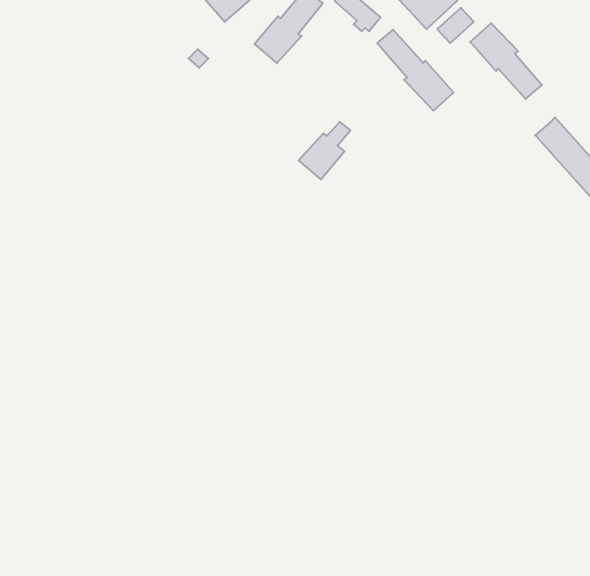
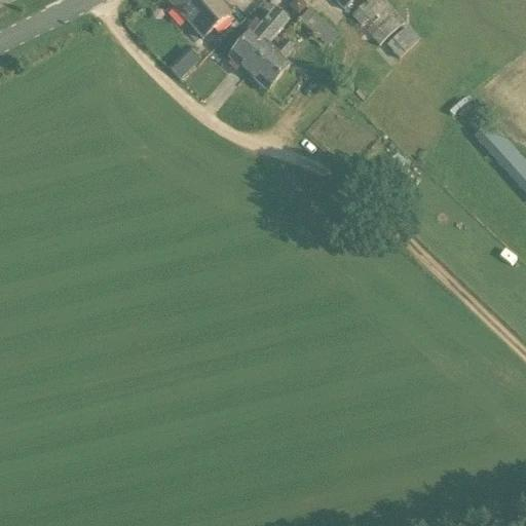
building: [470,23,542,99] -> none
building: [377,30,454,111] -> none
building: [299,122,350,180] -> [247,36,292,86]

